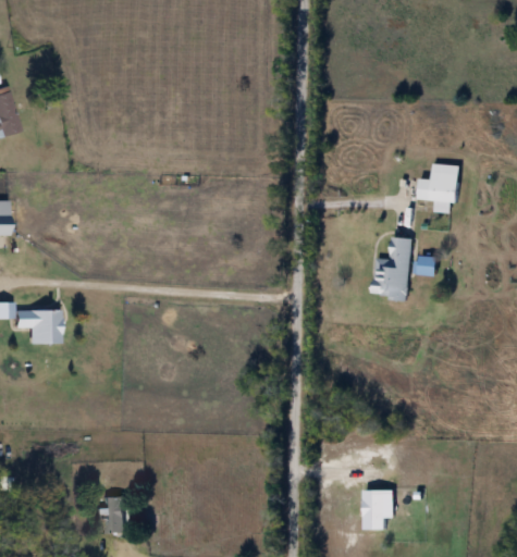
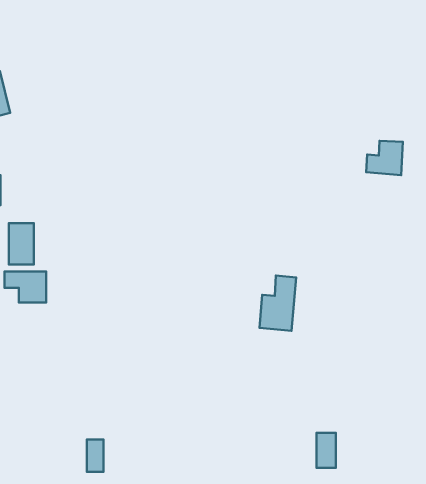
building: [372,236,414,298] -> [259,275,296,331]
building: none -> [9,223,34,265]

